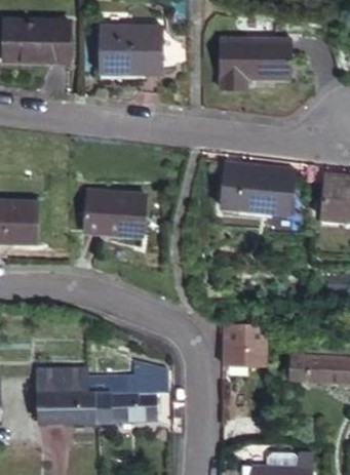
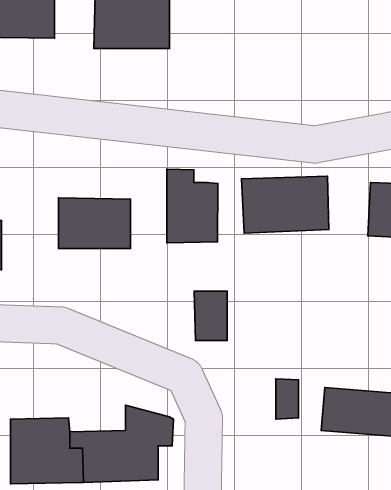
building: [218,36,289,85] -> none
building: none -> [167,169,218,243]
building: [225,333,251,373] -> [194,291,227,341]

